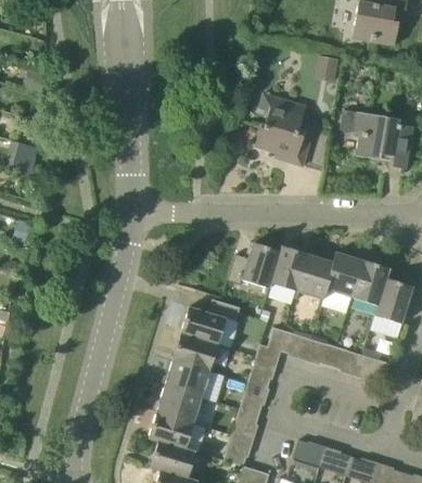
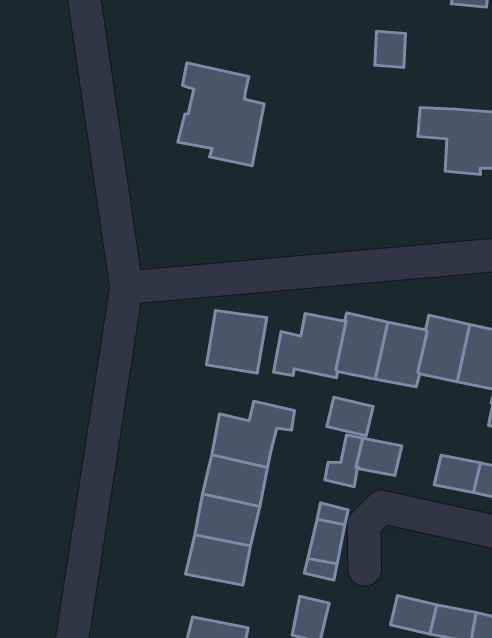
building: [255,93,316,167] -> [178,63,264,166]
building: none -> [207,311,267,373]
building: [305,339,337,367] -> [327,397,373,436]
building: [150,412,204,453] -> none

